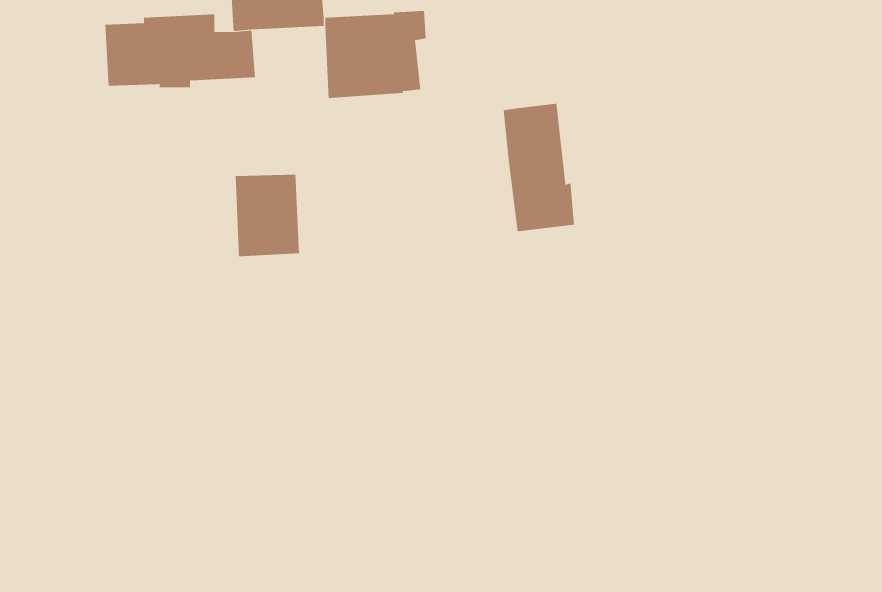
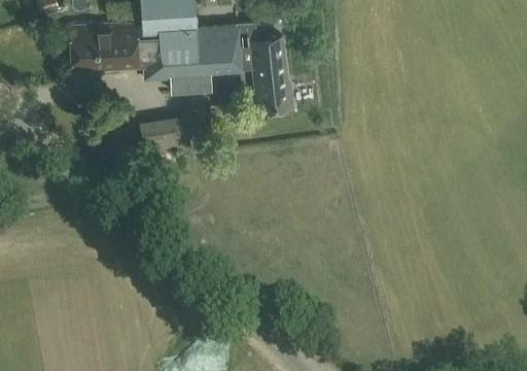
building: none -> [155,32,200,93]
building: [503,103,575,232] -> [251,36,293,111]

